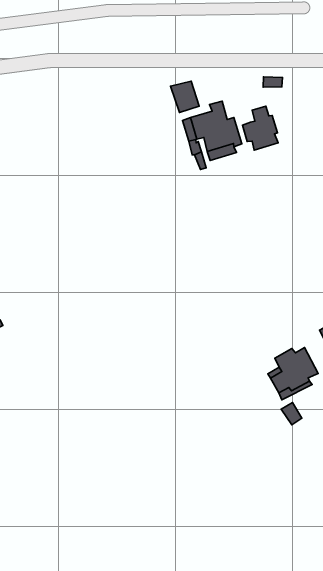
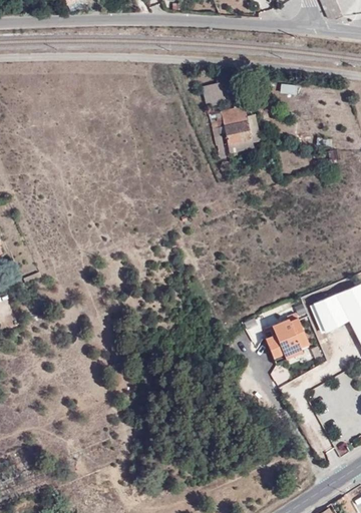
building: [243,106,278,150] -> none

